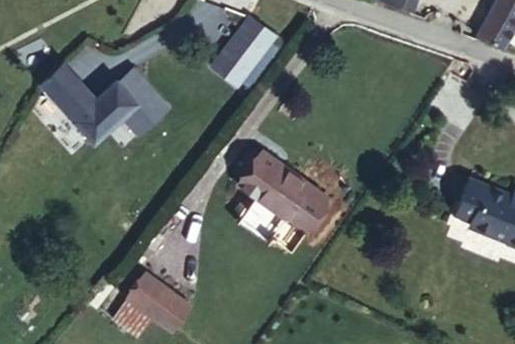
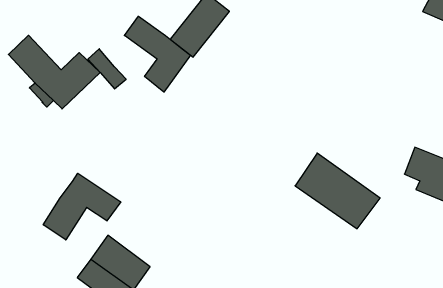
building: none -> [124,16,190,92]
building: [239,151,329,231] -> [295,153,380,229]
building: none -> [43,173,121,240]

